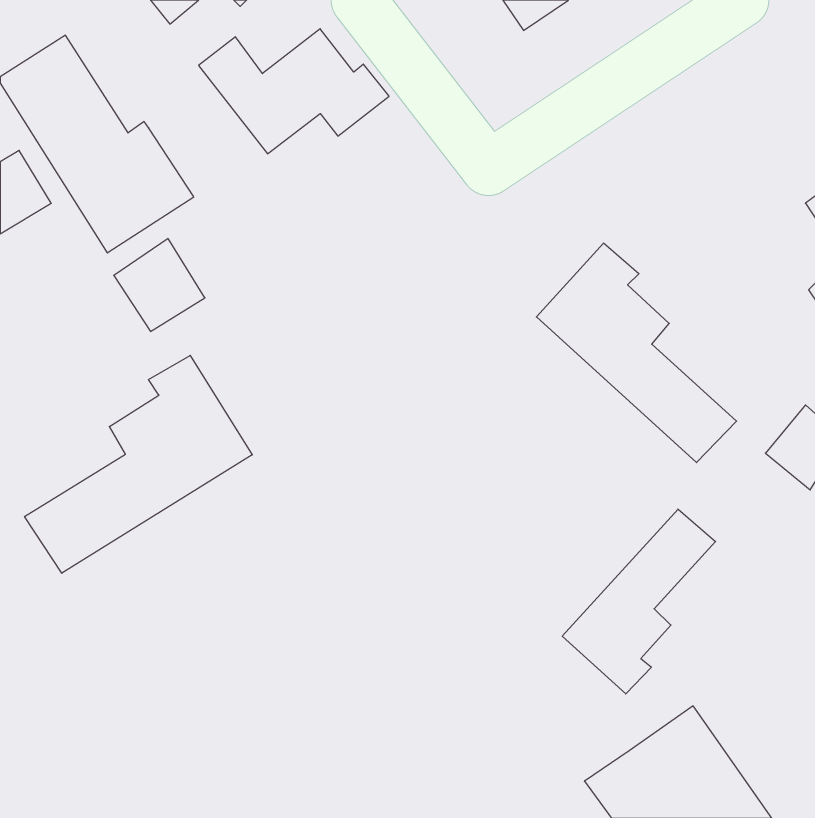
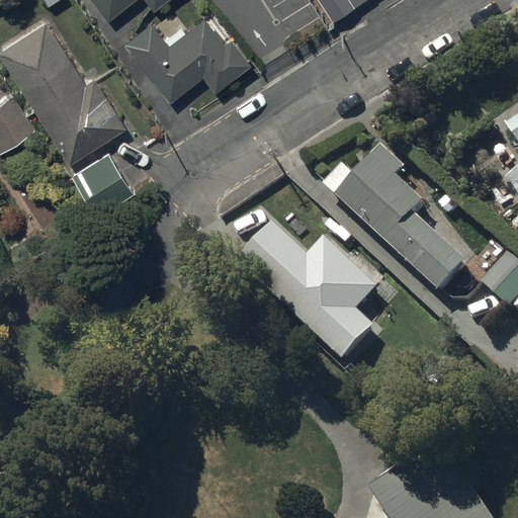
building: [25,355,252,573] -> none
building: none -> [244,232,380,360]
building: [562,509,716,694] -> none

